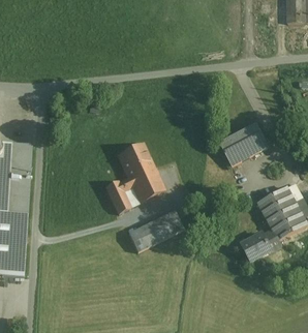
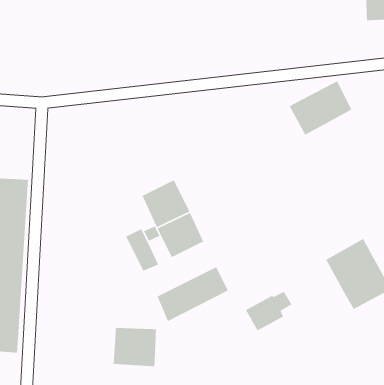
building: [220,123,269,165] -> [289,80,352,136]
building: [242,231,278,262] -> [245,291,292,332]
building: none -> [113,327,157,367]

